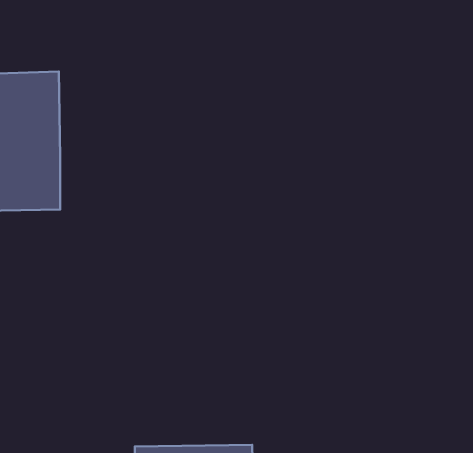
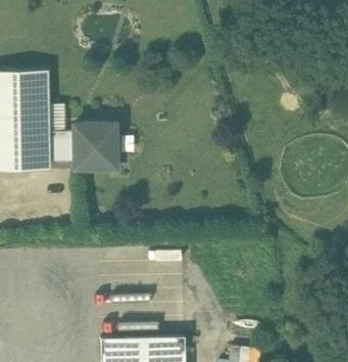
building: none -> [48,125,116,169]

